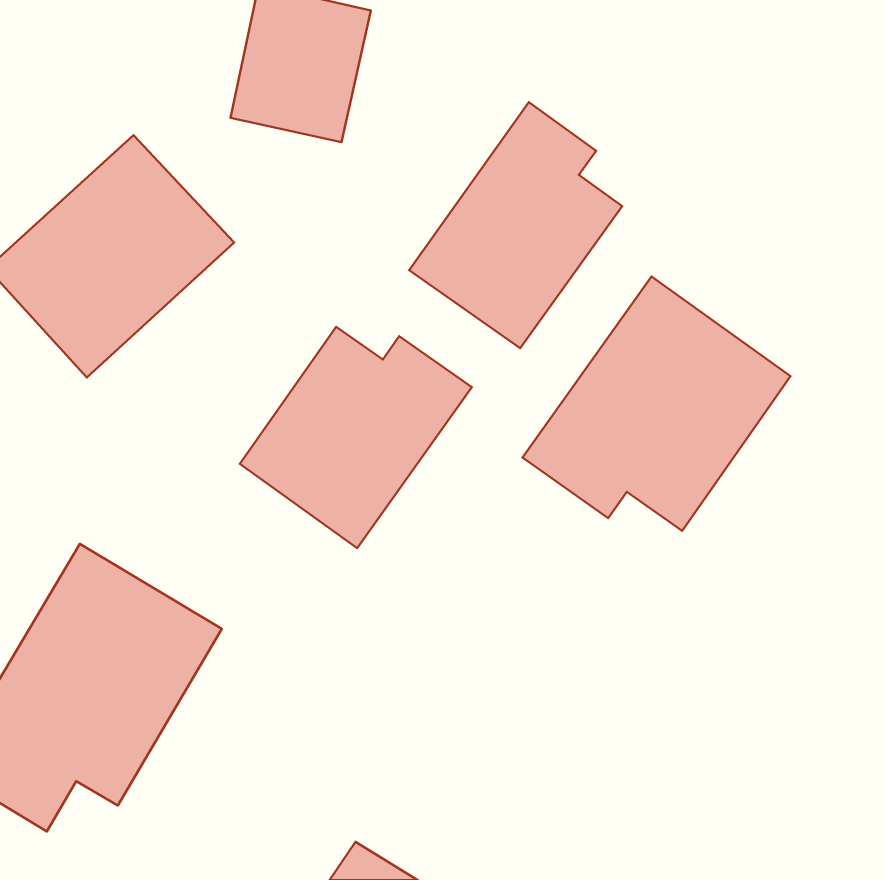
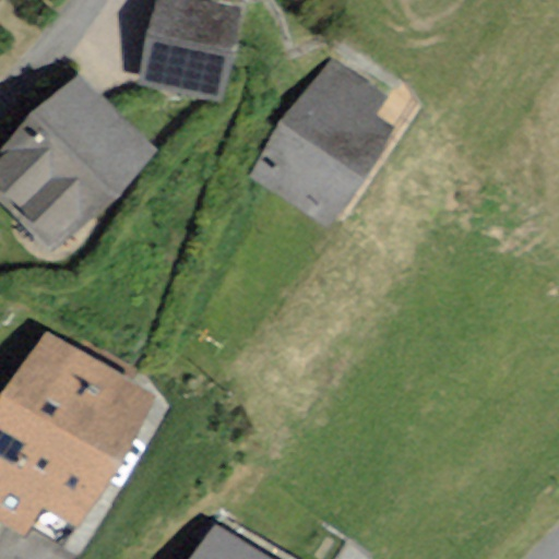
building: [522,276,791,531] -> none
building: [240,327,472,548] -> none

